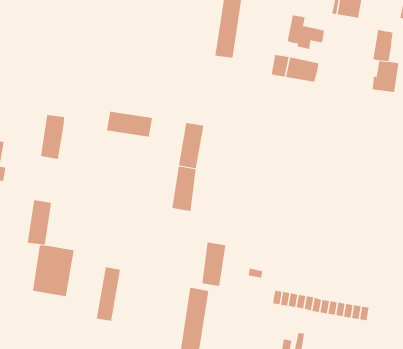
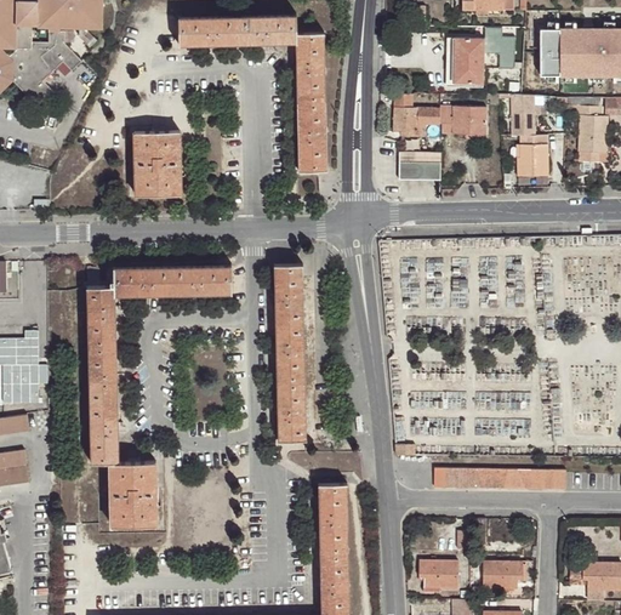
building: none -> [135,131,182,195]
building: none -> [441,109,486,136]
building: none -> [114,268,172,296]
building: none -> [90,344,116,404]
building: [201,242,226,287] -> [278,383,306,440]
building: [96,266,120,322] -> none

